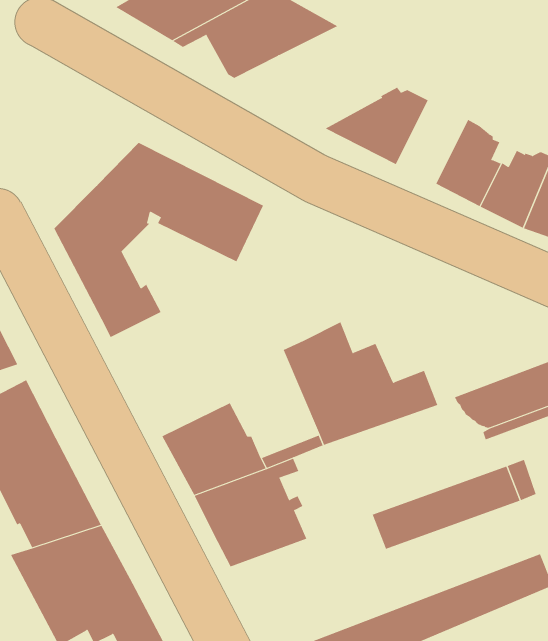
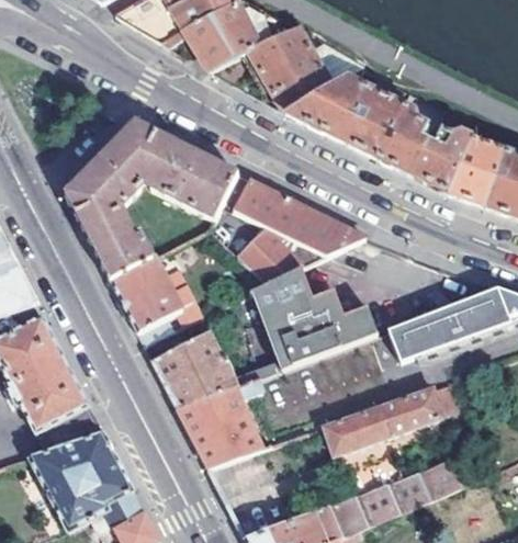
building: none -> [247,26,362,110]
building: none -> [342,87,401,155]
building: none -> [206,172,361,282]
building: none -> [110,258,182,343]

